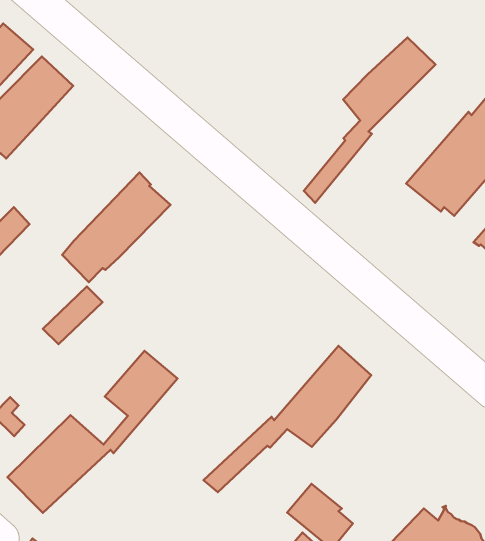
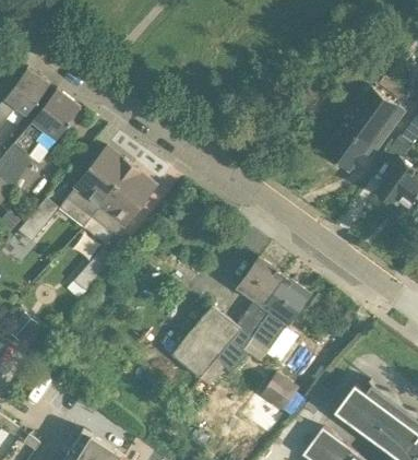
building: [304,37,435,203] -> none
building: none -> [68,148,133,217]
building: [7,351,178,513] -> [171,257,285,378]

